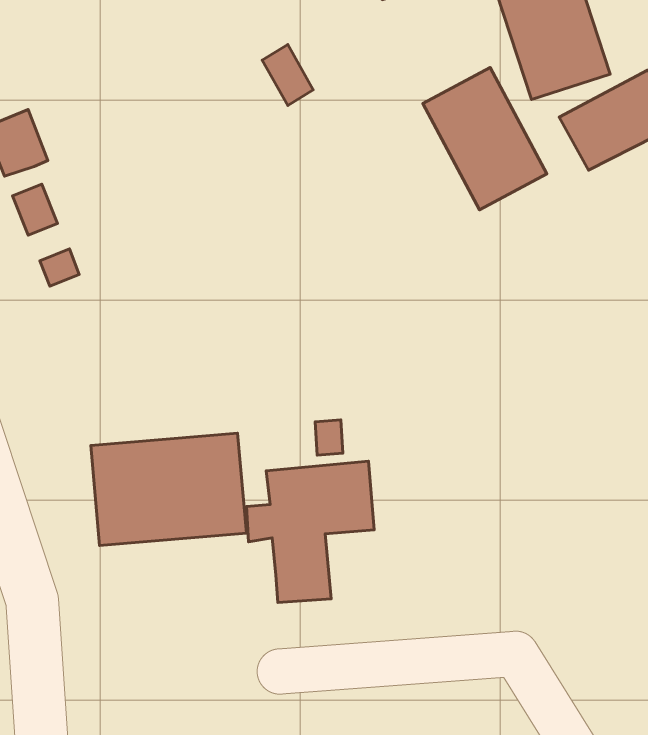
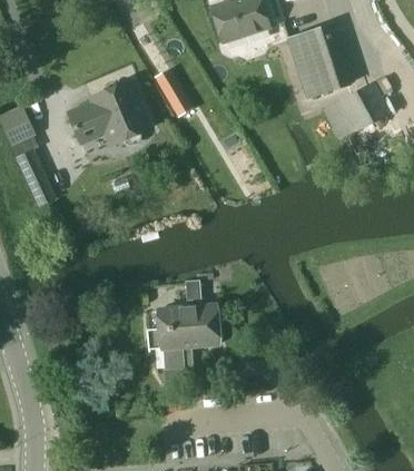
building: none -> [68,80,151,145]
building: [423,67,547,210] -> none
building: [91,433,246,546] -> none

